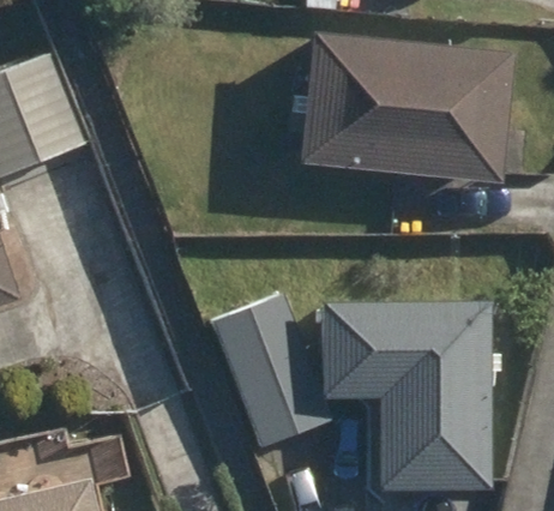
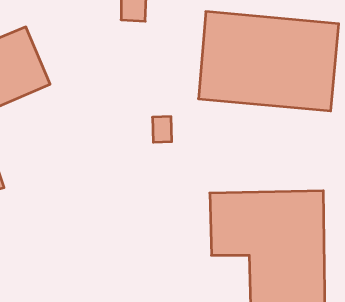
building: [210,296,330,446] -> none

